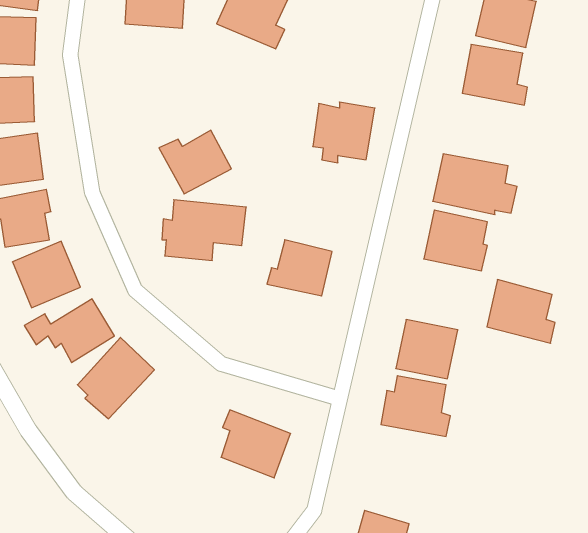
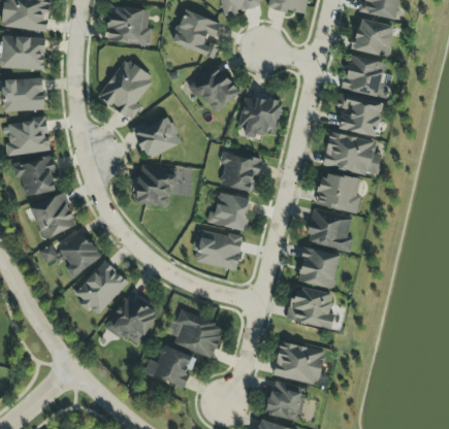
building: none -> [98,58,153,120]
building: none -> [189,63,240,114]
building: none -> [338,95,383,136]
building: none -> [219,151,261,193]
building: [487,280,555,343] -> [306,207,353,252]
building: none -> [192,230,243,270]
building: none -> [104,295,157,346]
building: none -> [272,341,324,385]
building: none -> [143,345,196,389]

